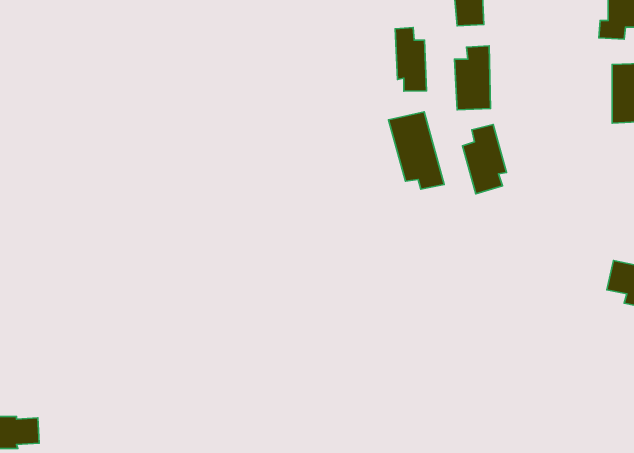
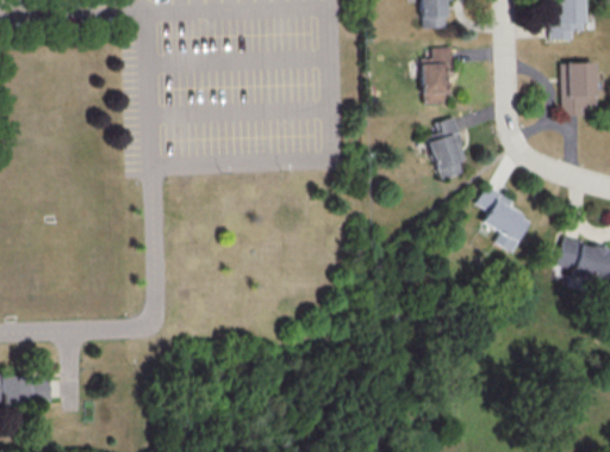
building: [395,28,426,91] -> none
building: [388,112,444,189] -> none
building: none -> [477,188,535,253]

